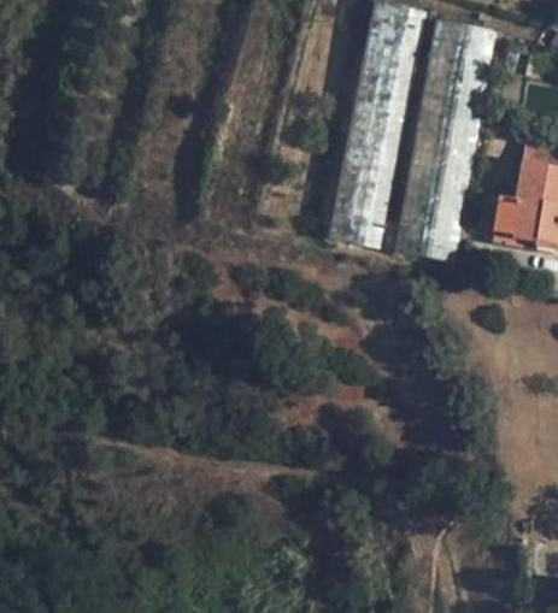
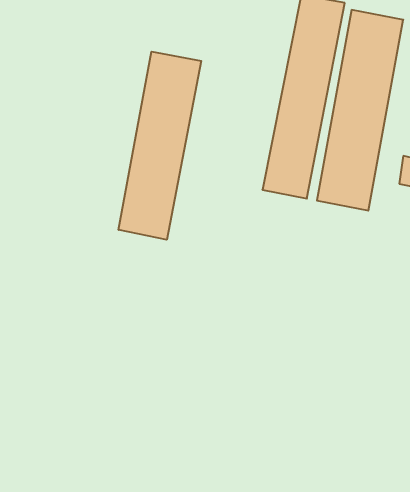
building: none -> [119,52,201,240]

